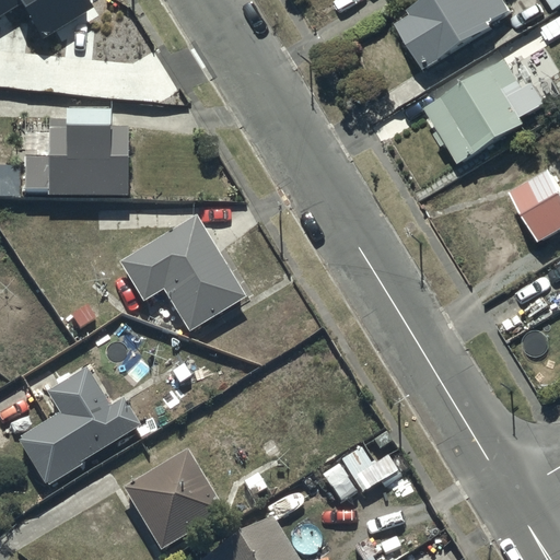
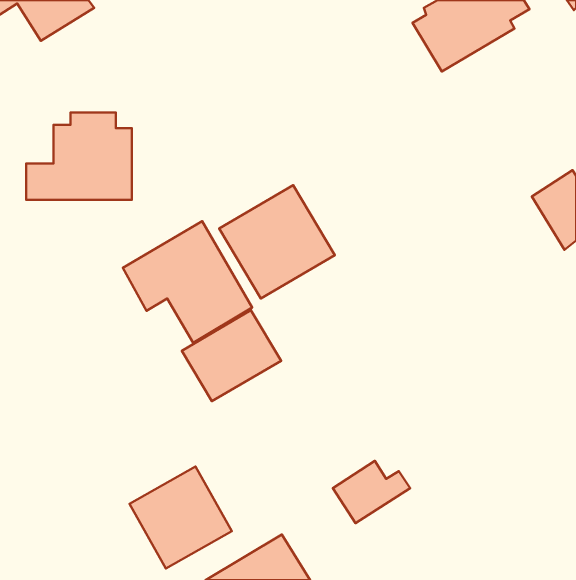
building: [429,57,547,163] -> none
building: none -> [219,185,335,299]
building: none -> [182,310,281,401]
building: [15,370,139,486] -> none

